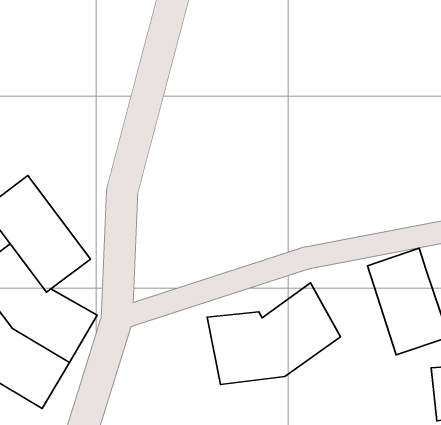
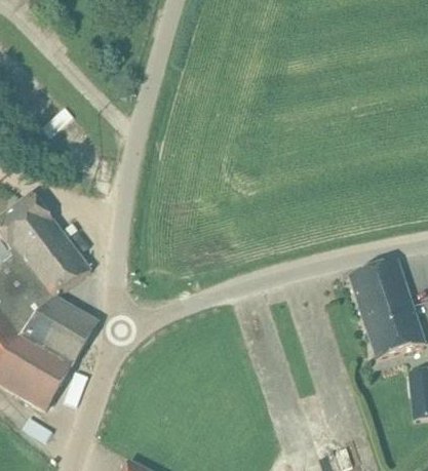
building: [207,283,340,385] -> none

